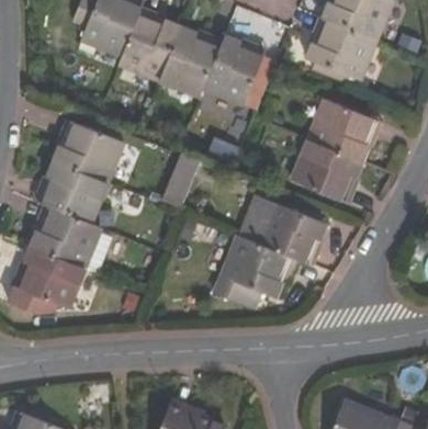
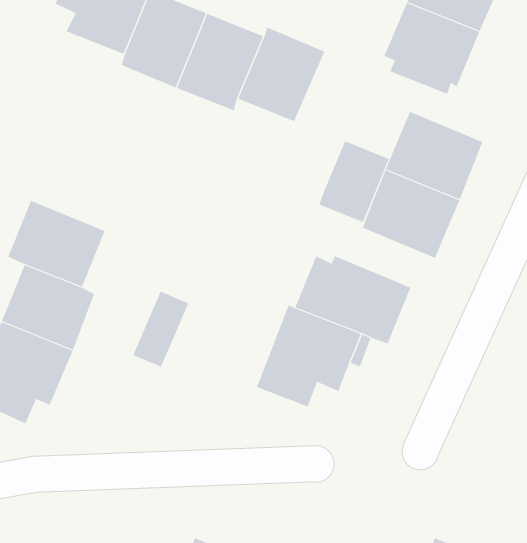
building: none -> [319,140,389,223]
building: [54,120,124,182] -> none
building: [158,153,199,207] -> [132,291,189,368]

